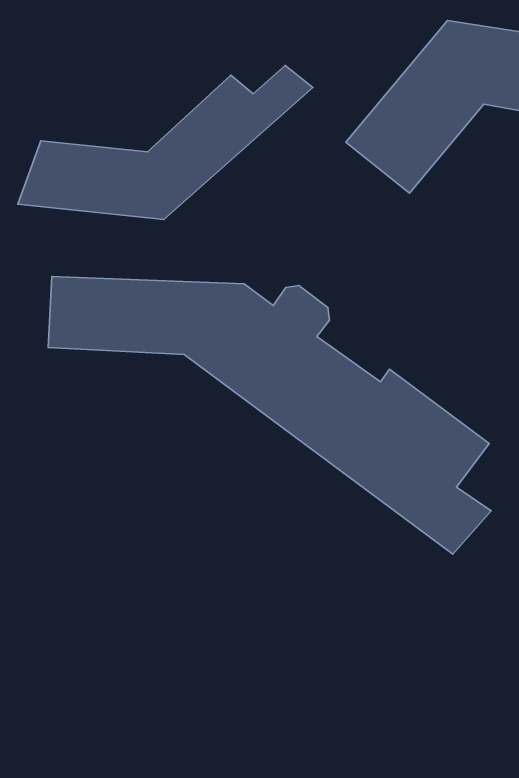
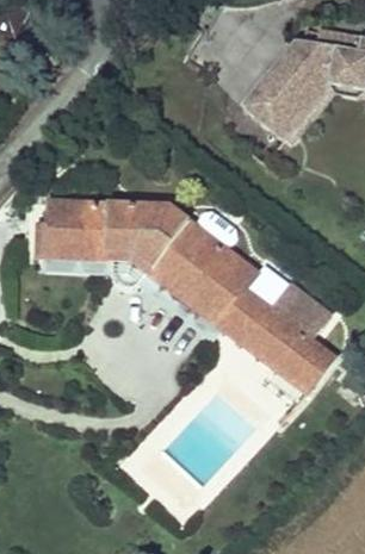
building: [18,65,313,220] -> none

